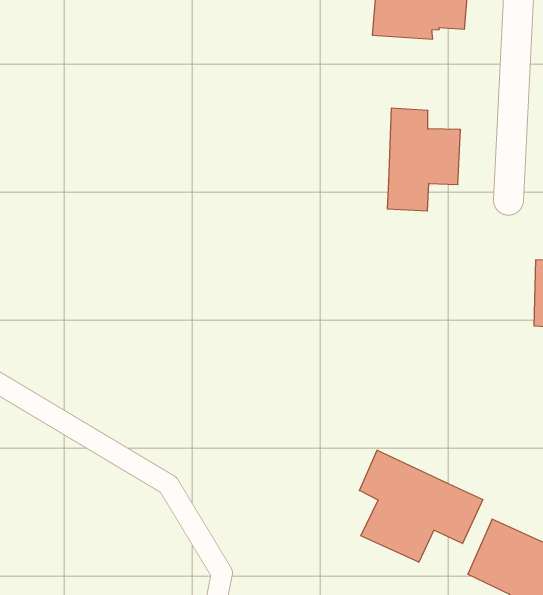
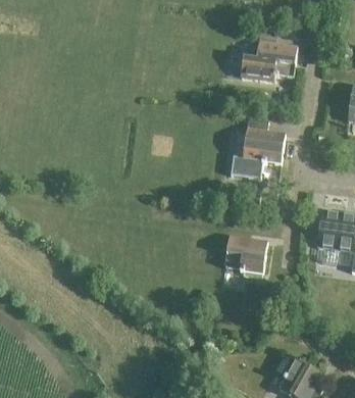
building: none -> [225,236,267,278]
building: [359,450,483,562] -> none

